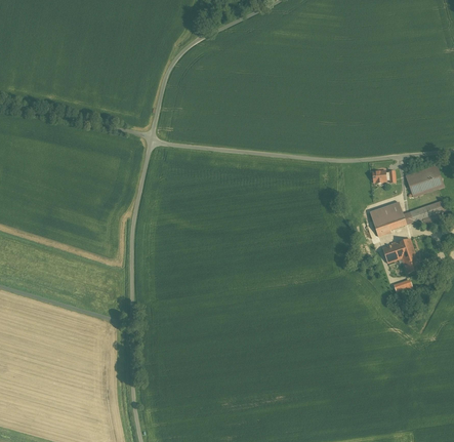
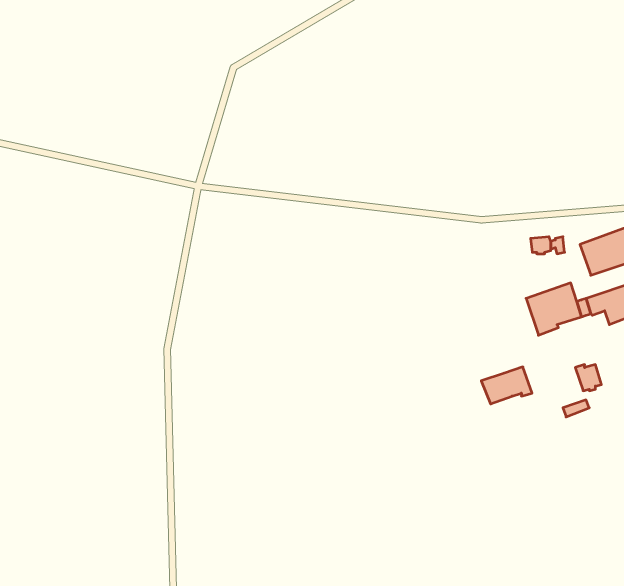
building: [381,239,415,264] -> [481,367,532,404]

